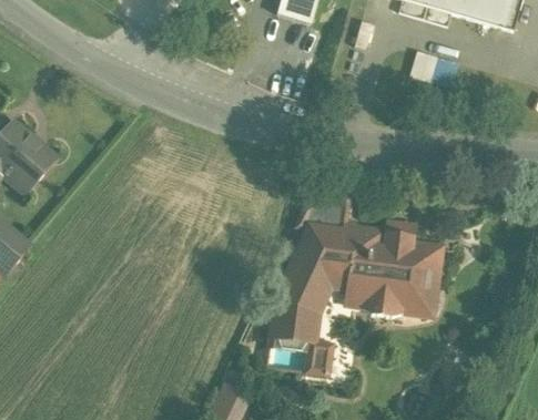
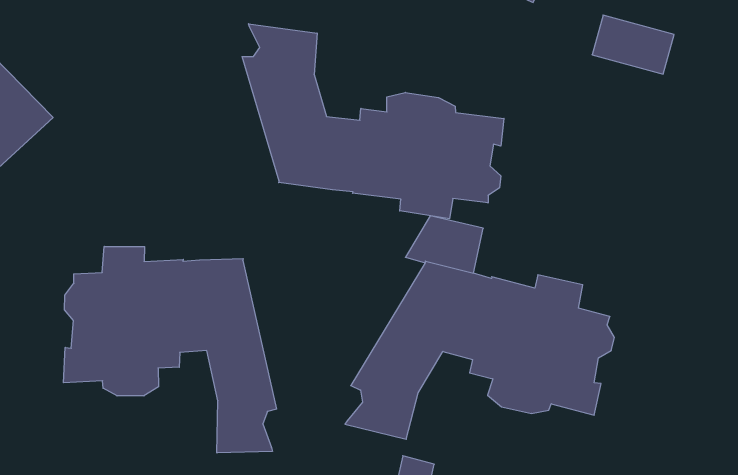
building: none -> [242,24,504,219]
building: none -> [64,246,277,453]

